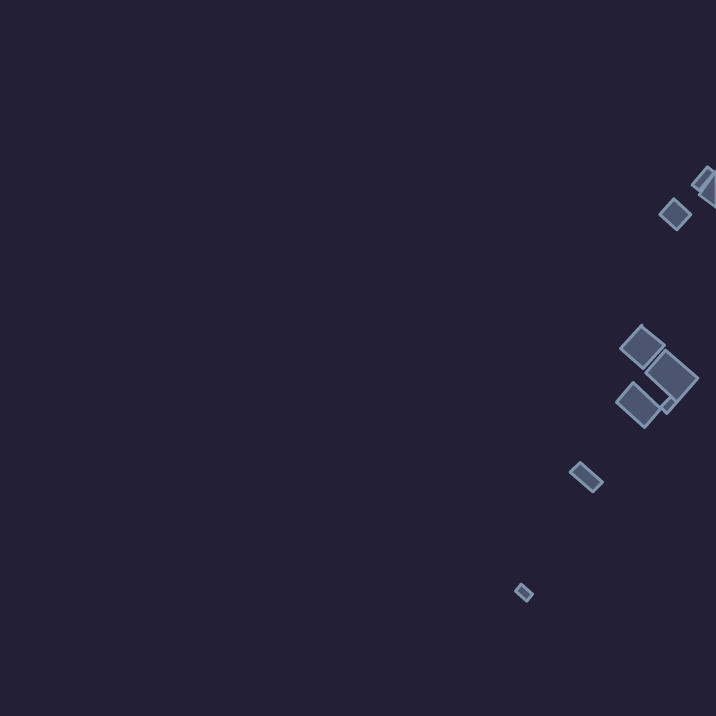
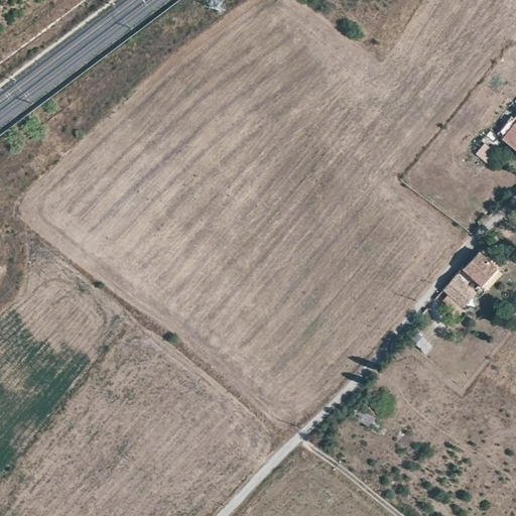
building: [620,325,664,369] -> none

